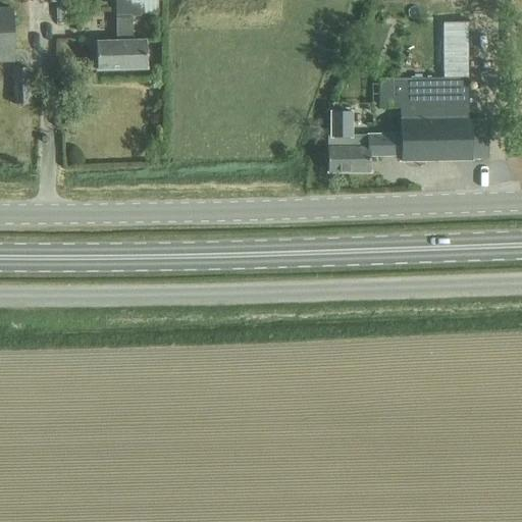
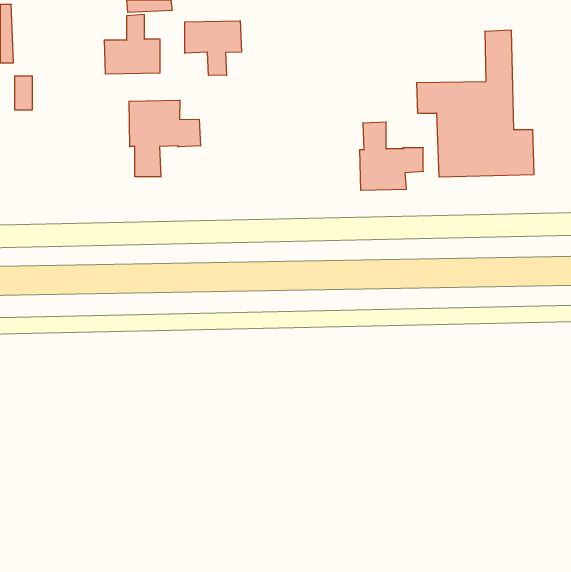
building: none -> [185,21,241,76]
building: none -> [129,100,200,177]

